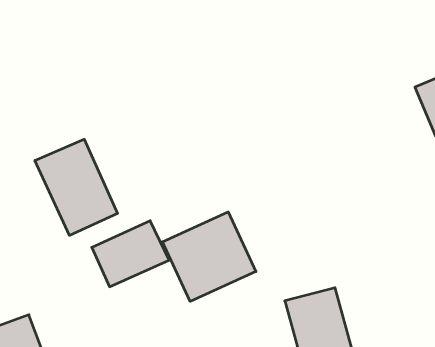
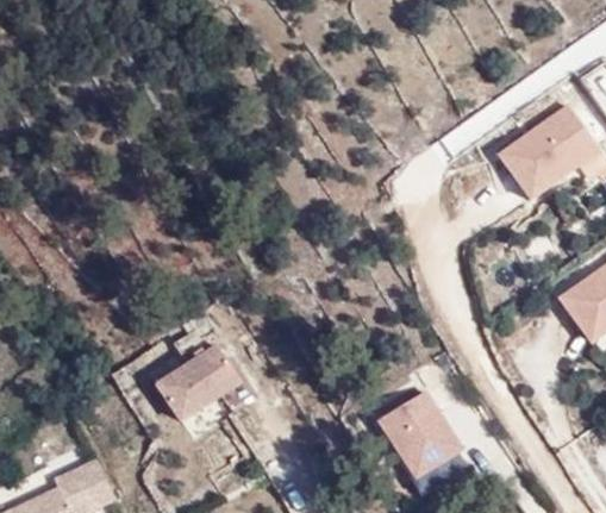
building: [35,139,118,235] -> none
building: [162,212,256,301] -> none

